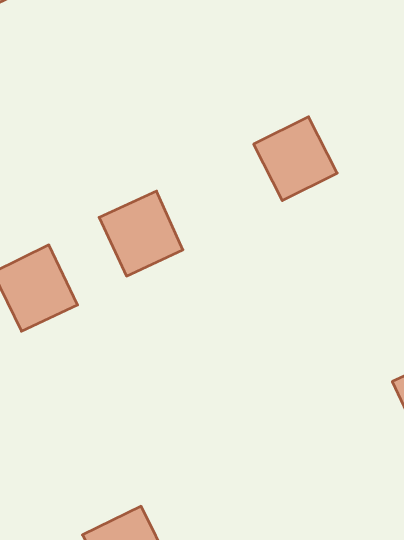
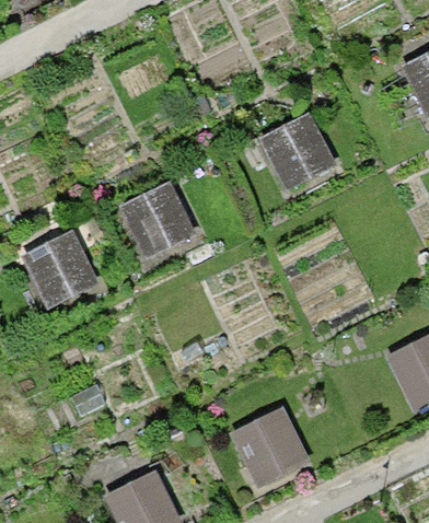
building: none -> [231,406,311,488]

